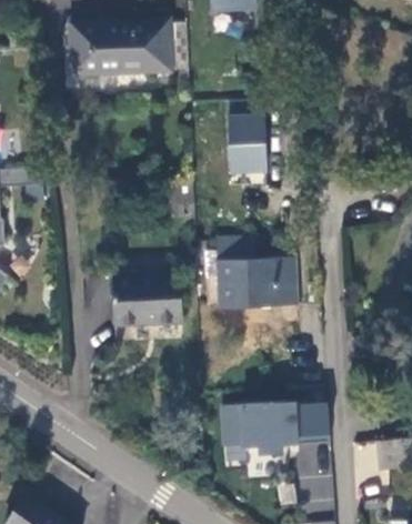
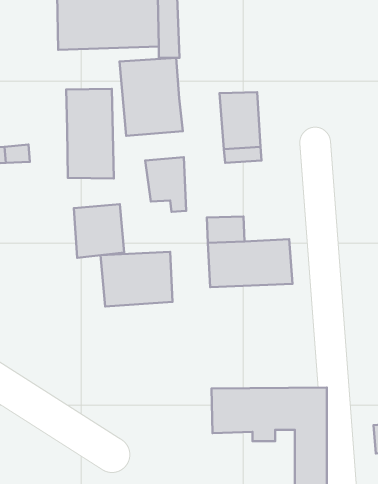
building: none -> [119,58,183,136]
building: none -> [66,89,114,178]
building: none -> [74,204,124,258]

